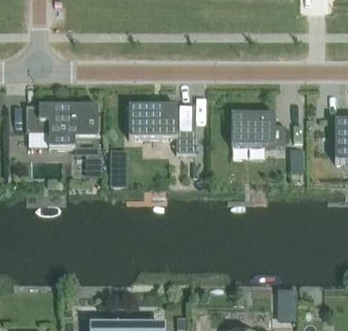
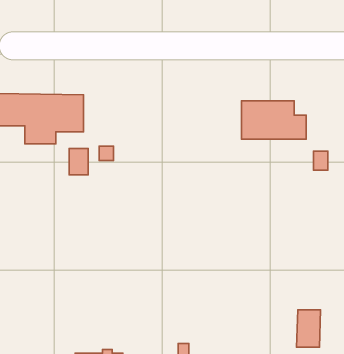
building: [128,104,194,152] -> none

